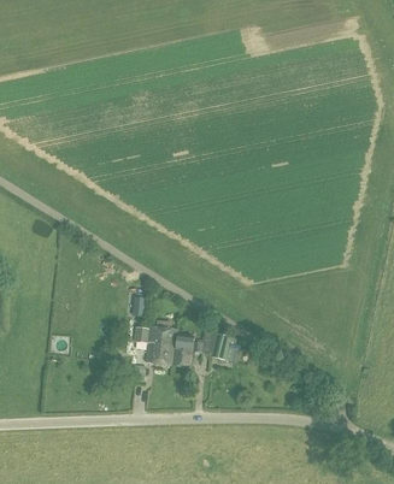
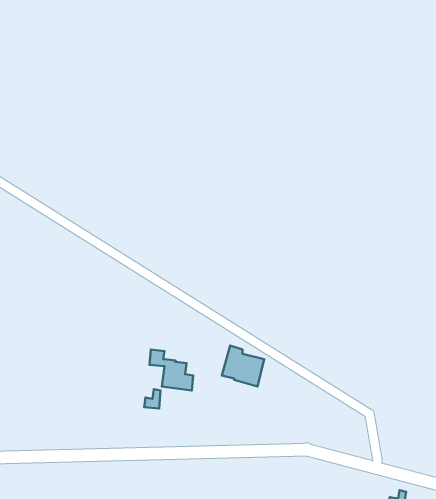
building: [148,325,194,367] -> none

